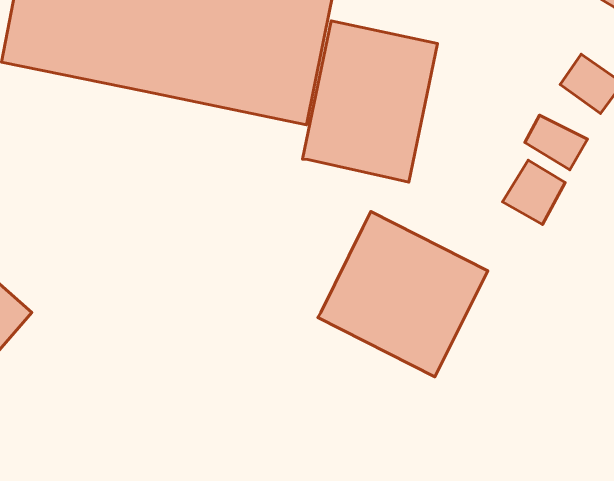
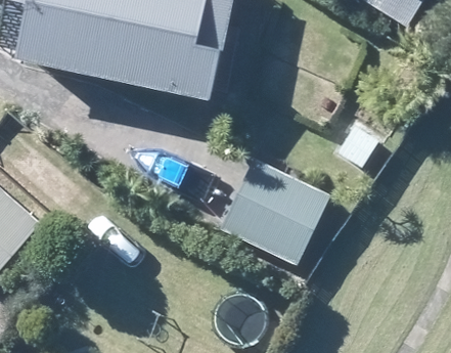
building: [302,21,438,182] -> none

